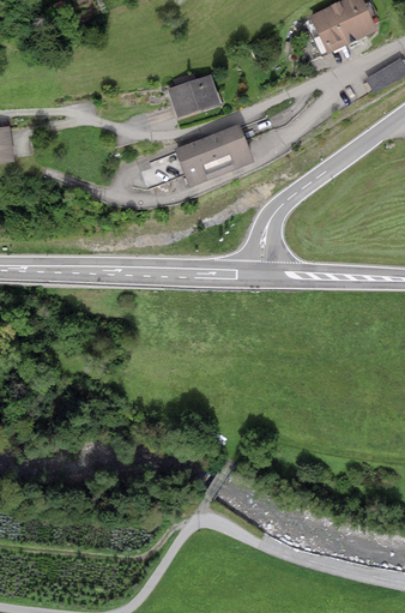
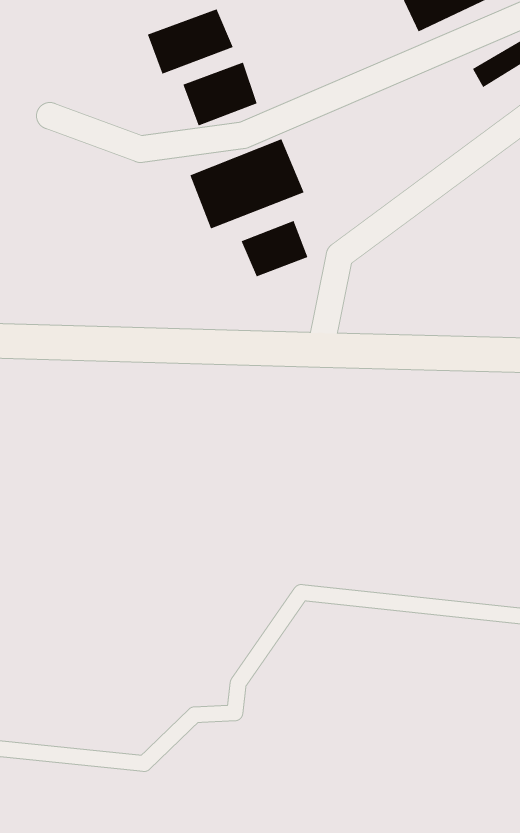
building: none -> [147,9,233,74]
building: none -> [241,220,308,277]

